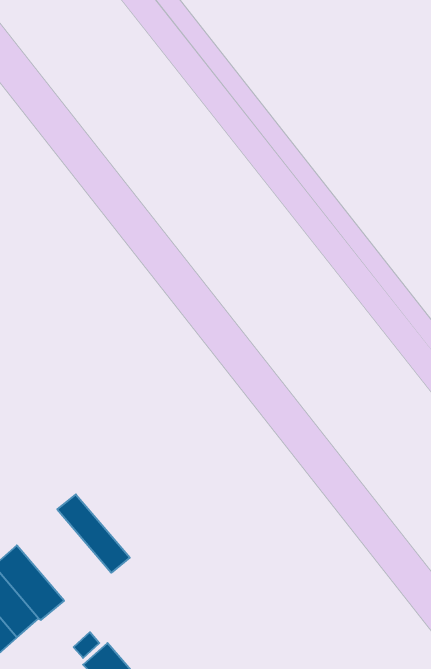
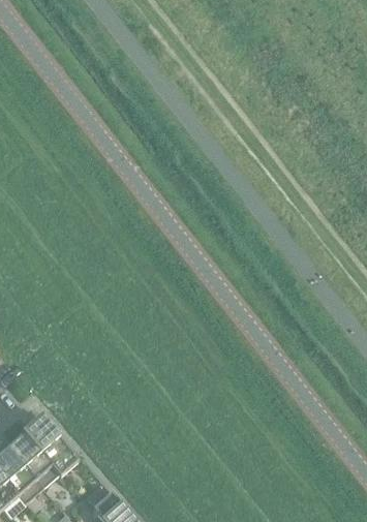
building: [57,494,130,573] -> none

